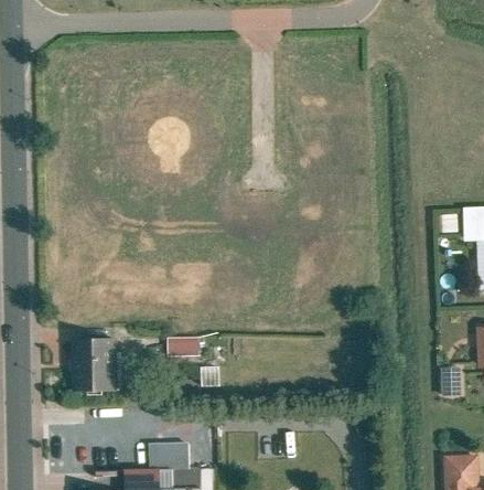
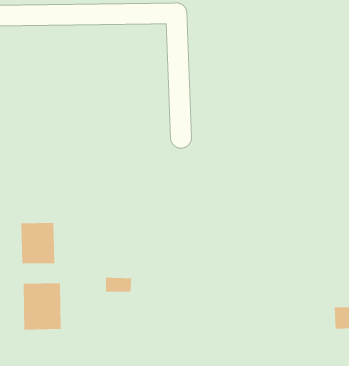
building: none -> [21,222,55,264]

